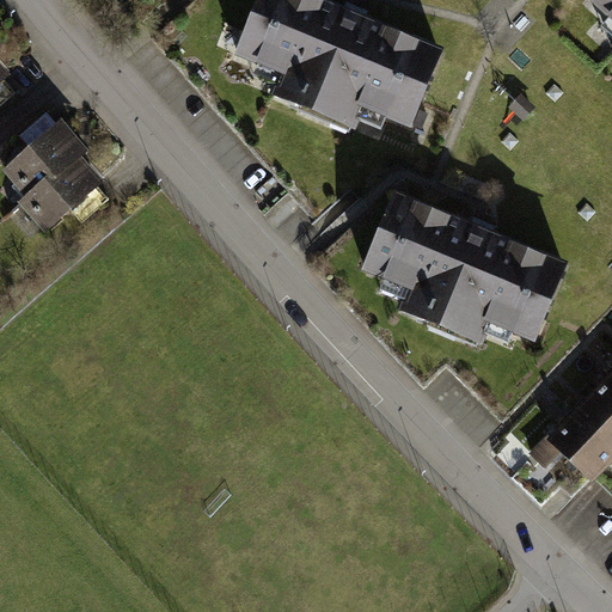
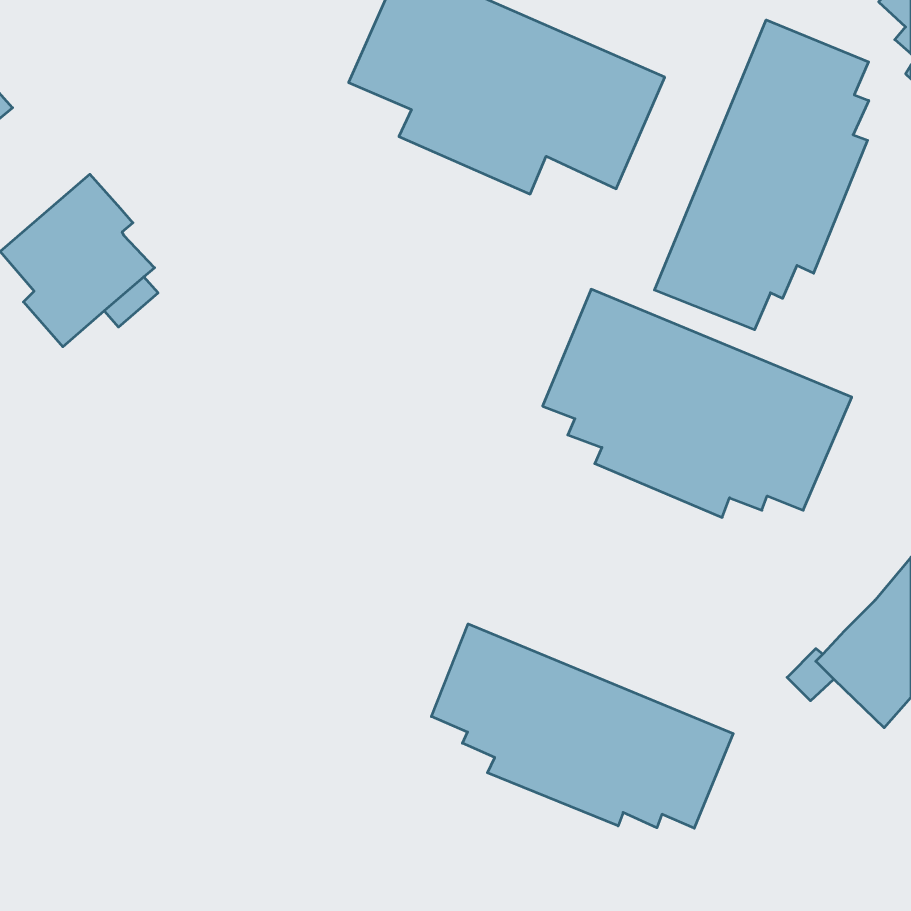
building: none -> [654,20,869,330]
building: none -> [431,624,733,828]

